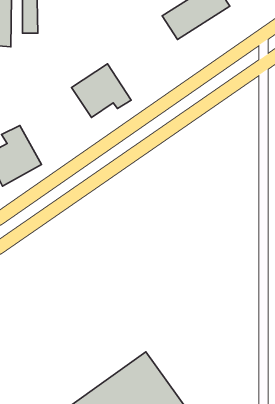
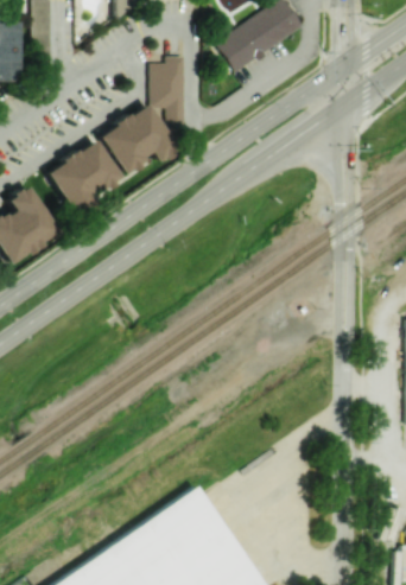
building: none -> [151,57,186,129]
building: none -> [45,140,120,216]

